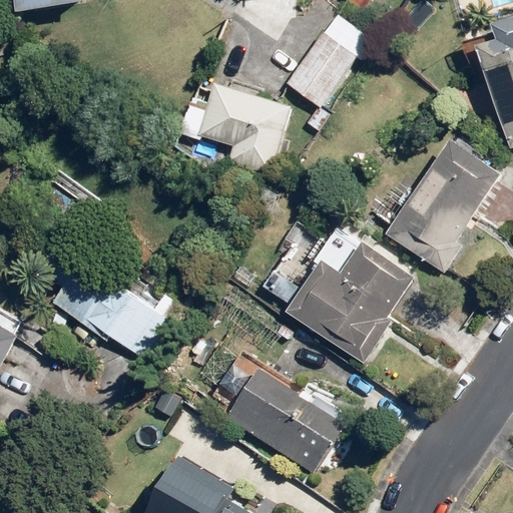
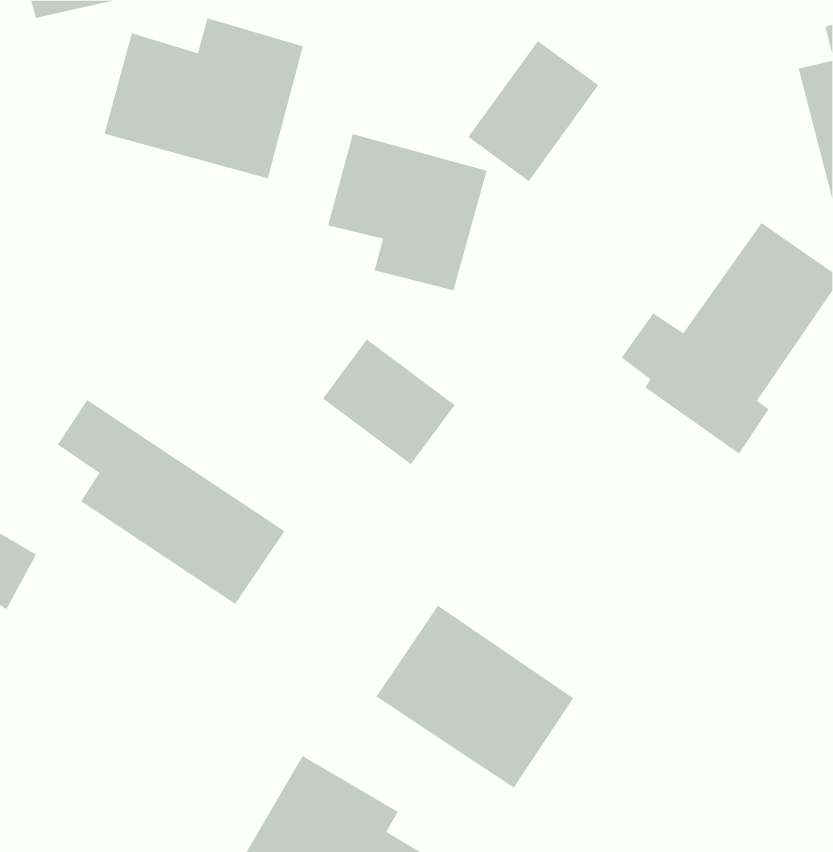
building: none -> [104,18,304,179]
building: none -> [322,339,456,465]
building: [265,226,417,365] -> none

